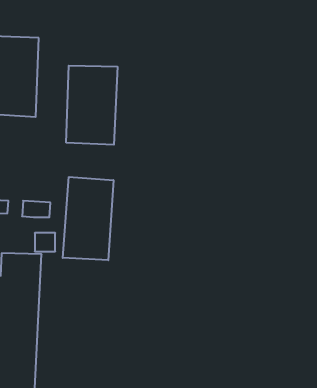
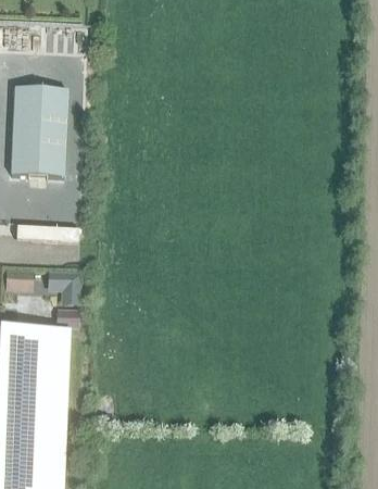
building: [66,66,117,145] -> none
building: [63,177,113,260] -> none

